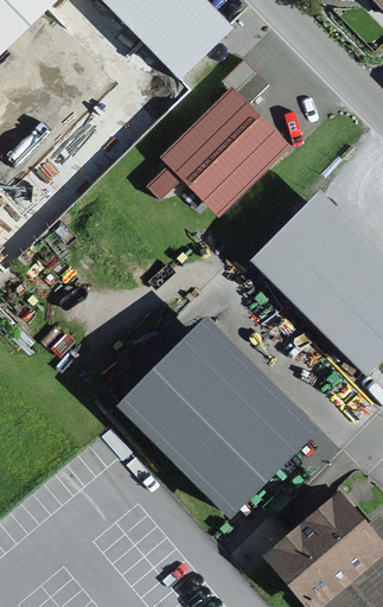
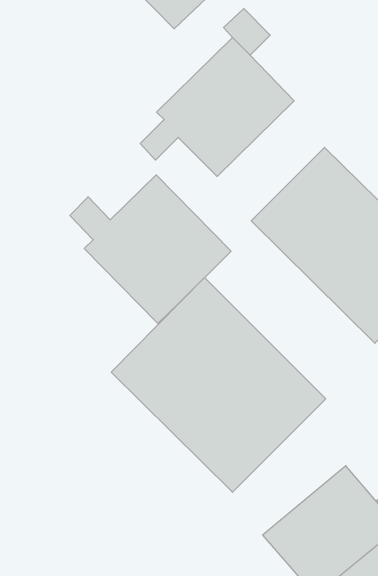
building: none -> [70,175,231,323]

